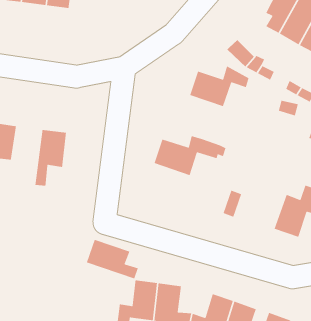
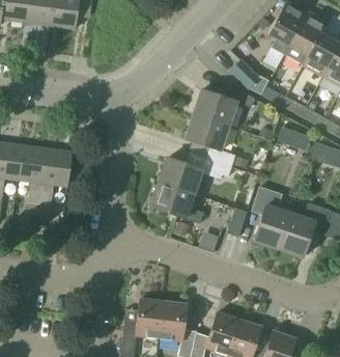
building: none -> [186,115,235,167]
building: none -> [18,145,48,204]
building: none -> [252,187,290,248]
building: [86,239,139,279] -> [150,183,203,223]

